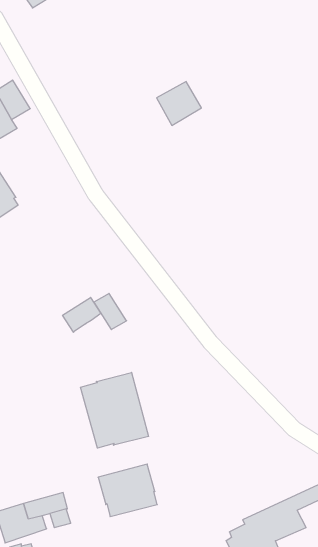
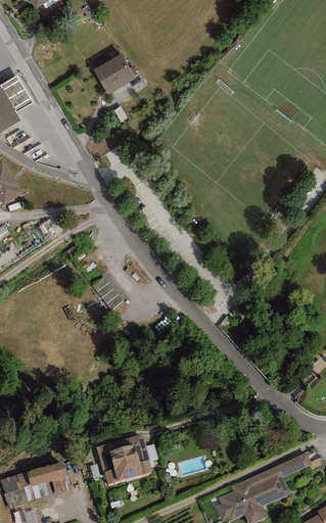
building: [157,82,201,125] -> [93,54,135,95]
building: [63,297,101,332] -> none
building: [81,372,149,448] -> none

